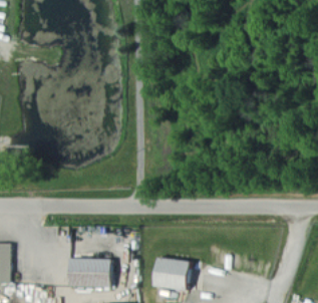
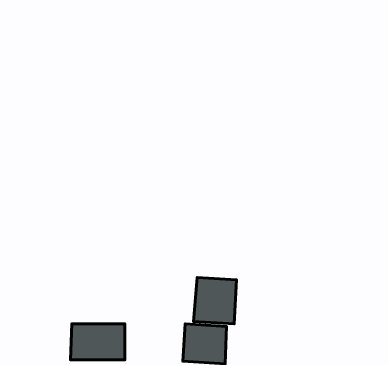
building: none -> [193,278,237,324]

